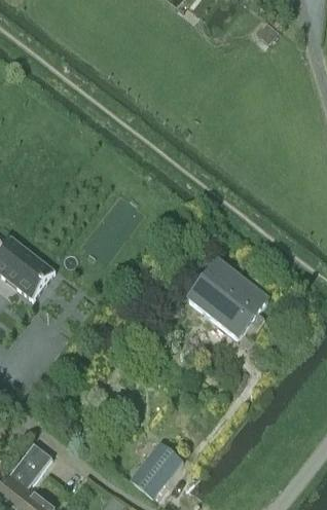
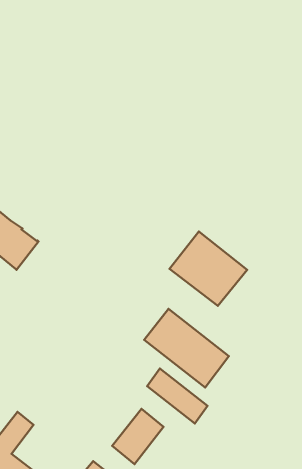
building: none -> [144,309,229,387]
building: none -> [147,369,208,423]

